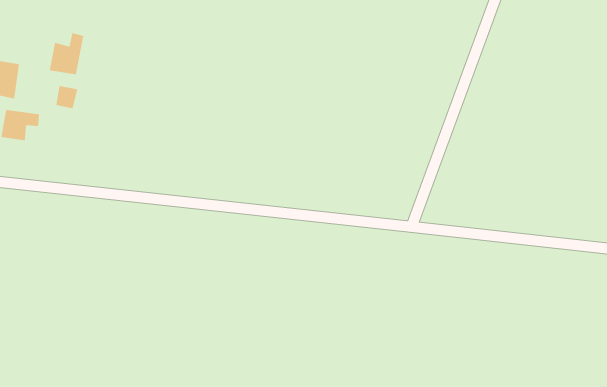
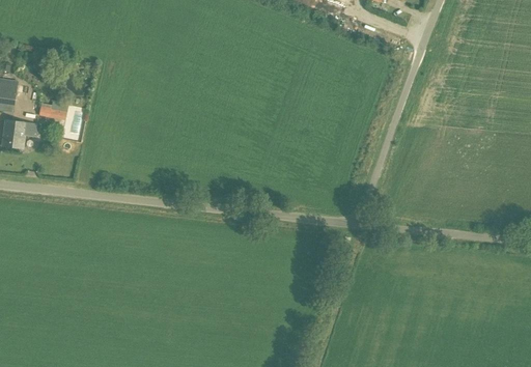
building: [49,32,84,75] -> none

